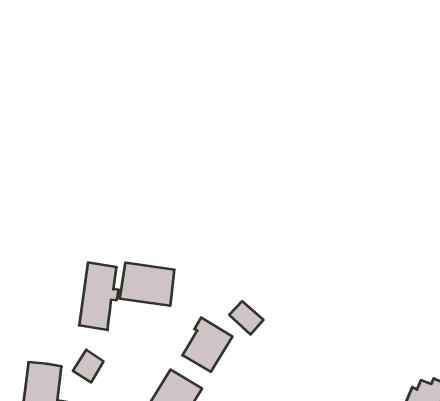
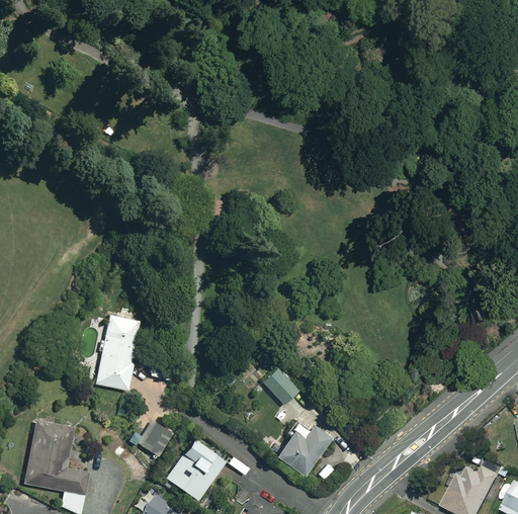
building: [120,263,174,306] -> none
building: [182,318,232,372] -> [274,415,331,476]
building: [73,350,103,382] -> [138,420,172,456]

